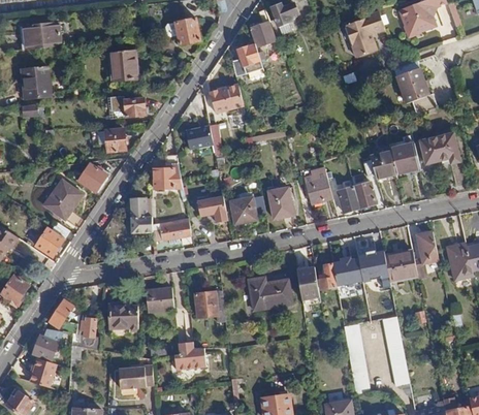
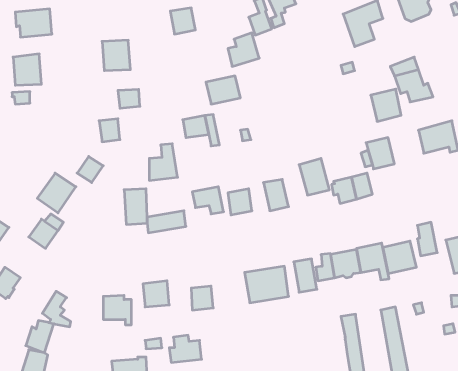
building: [389,140,419,172] -> [371,89,401,121]
building: [78,316,98,349] -> none

